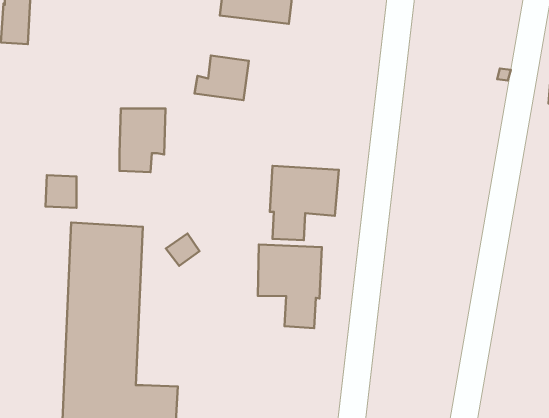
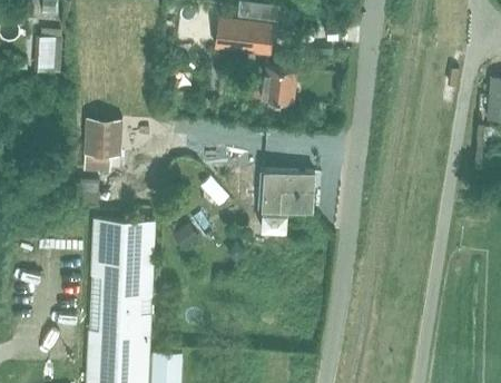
building: [195,56,249,100] -> [253,66,297,102]
building: [119,109,165,172] -> [85,119,122,171]
building: [258,245,322,328] -> none

